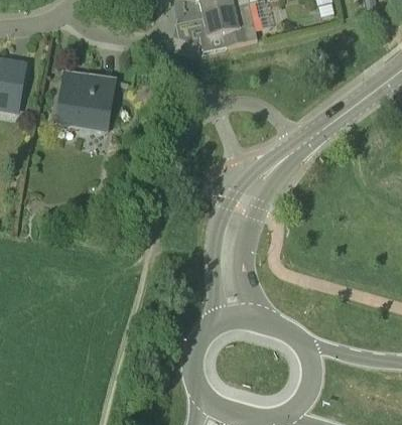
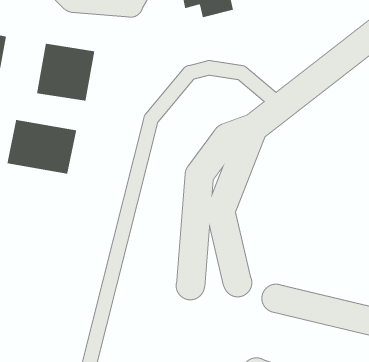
building: none -> [7,119,77,175]

